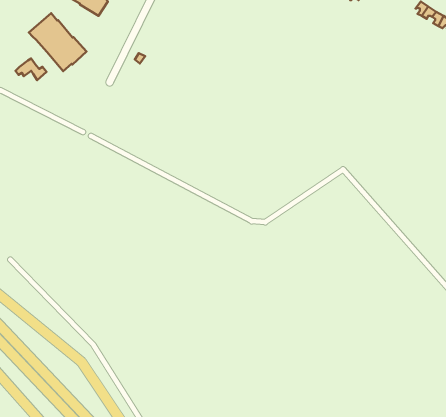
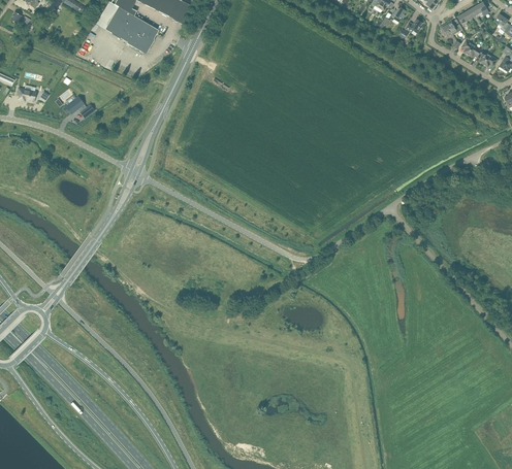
building: [29,13,87,71] -> none

